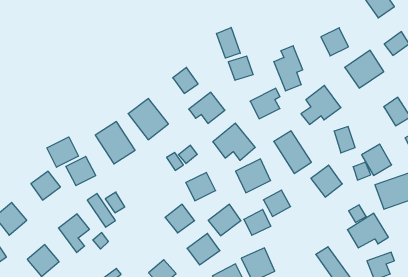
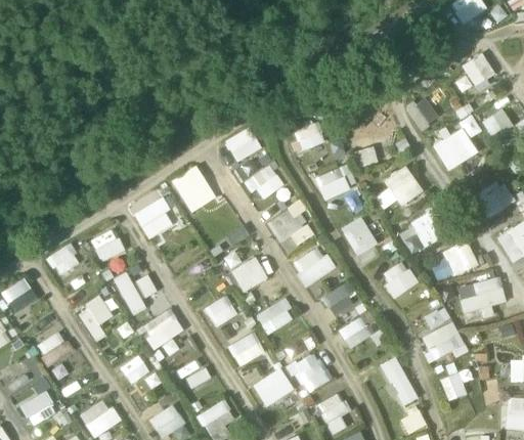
building: [217,27,240,58] -> none
building: [47,137,78,167] -> none
building: [244,209,271,235] -> [340,317,372,347]
building: none -> [139,308,183,349]

